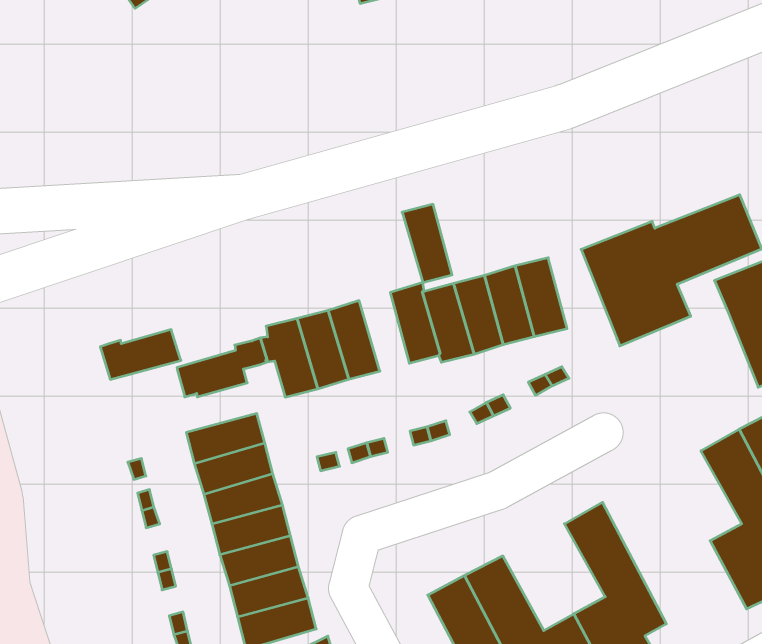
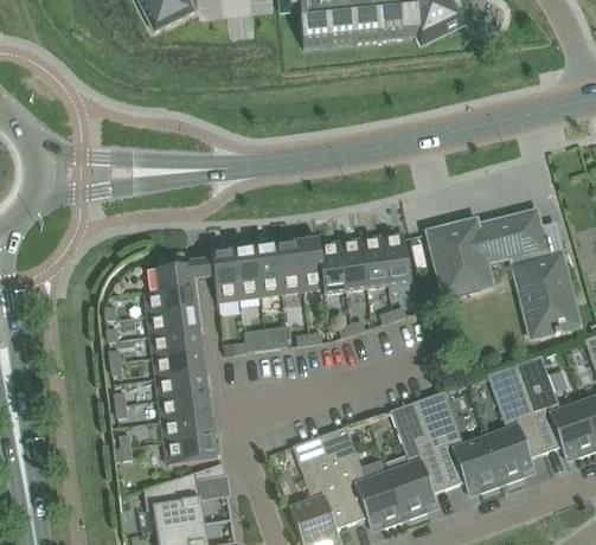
building: [402,204,452,283] -> [276,242,303,293]
building: [100,330,181,379] -> [146,288,198,315]
building: none -> [418,391,504,493]

